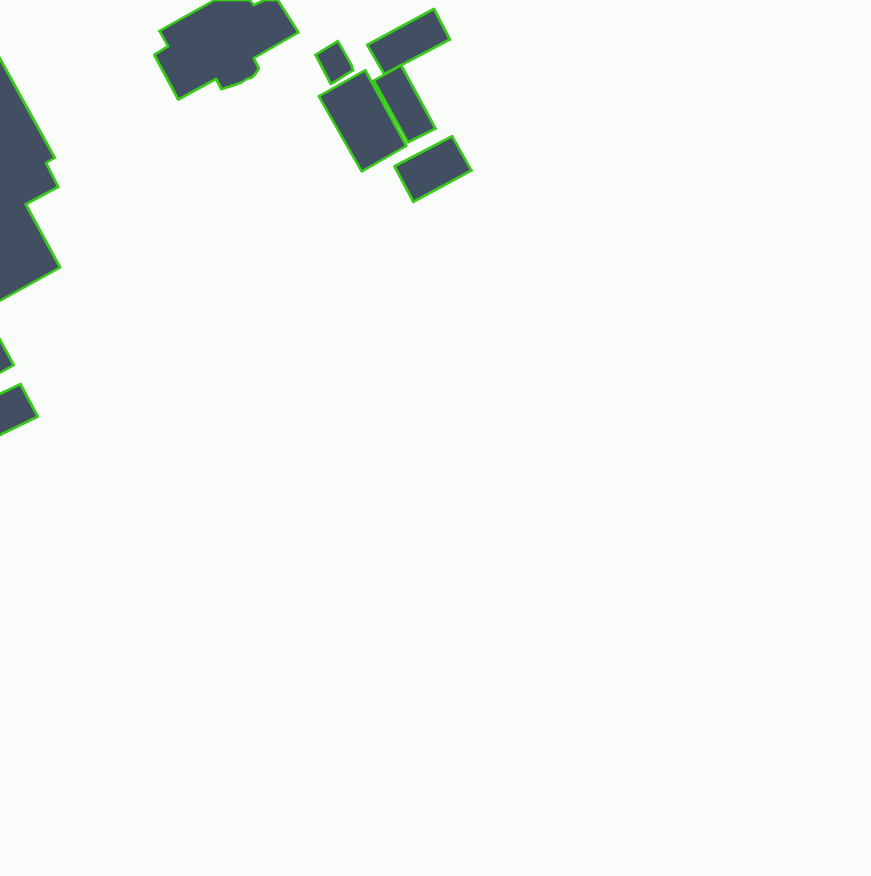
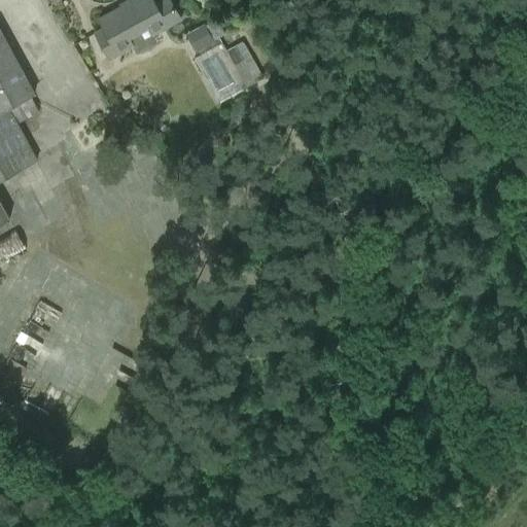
building: [367,9,450,74] -> none
building: [395,136,472,202] -> none

